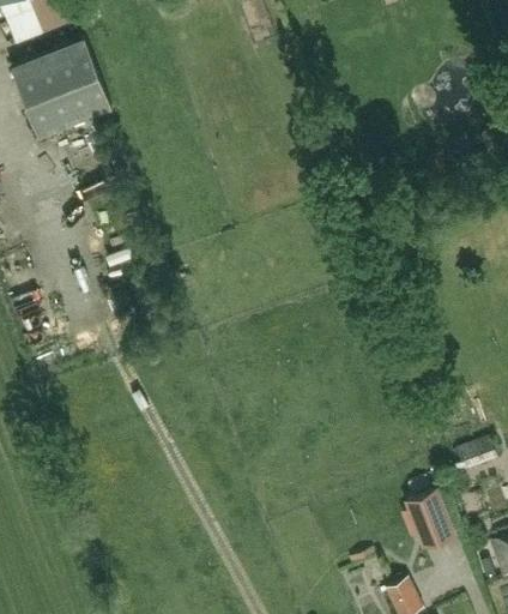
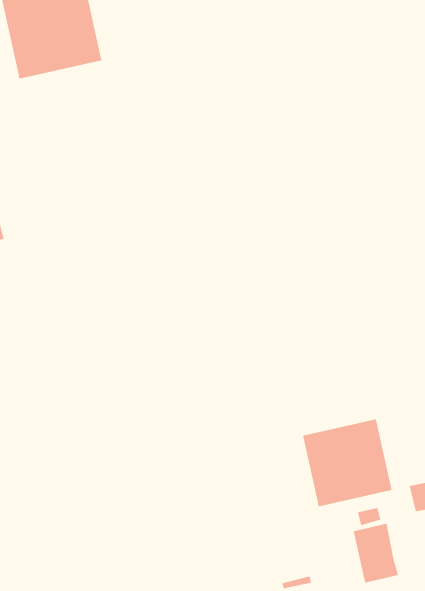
building: none -> [303,418,392,507]

